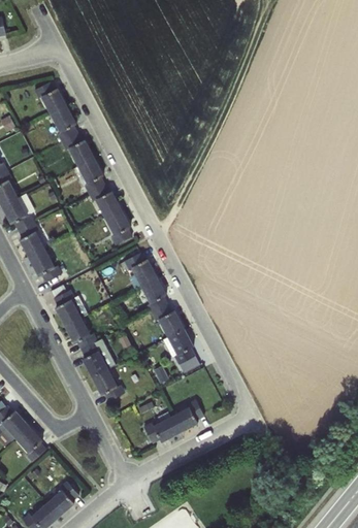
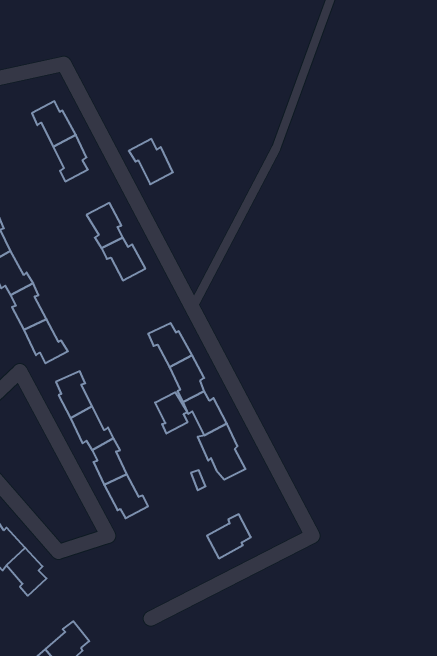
building: [60,133,94,168] -> [129,139,173,184]
building: [104,209,132,245] -> none
building: none -> [155,392,188,434]
building: [142,416,178,443] -> none

